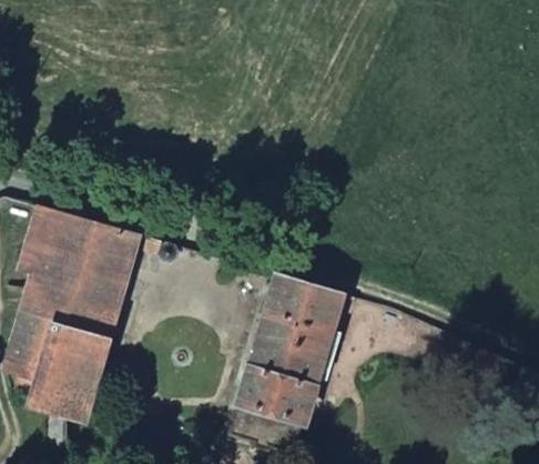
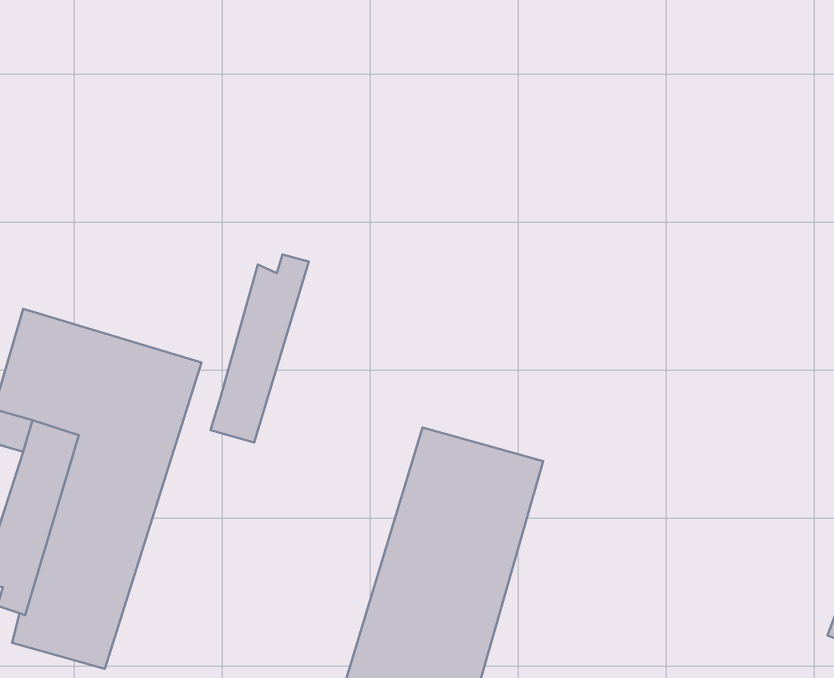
building: none -> [211,255,309,442]

